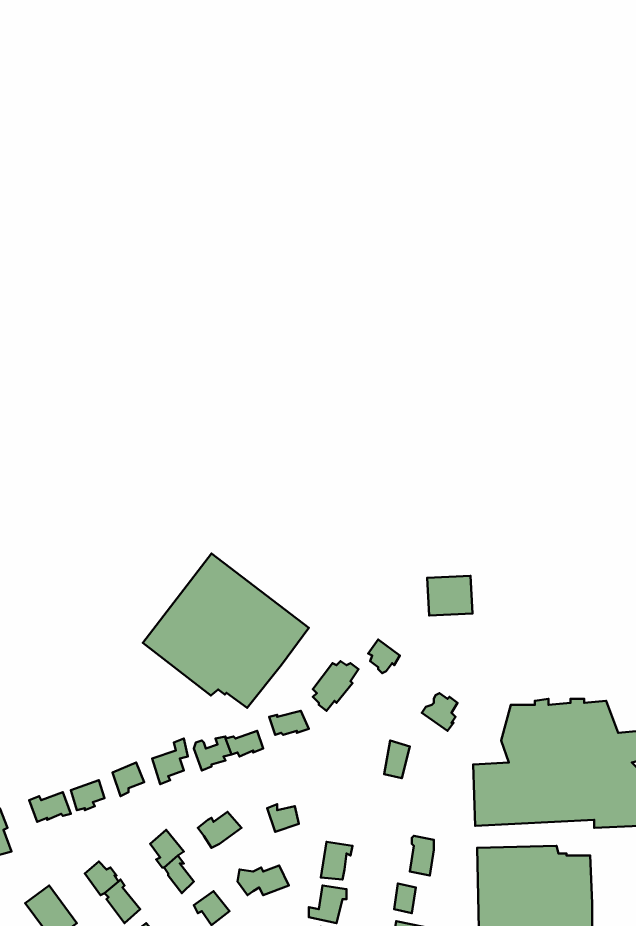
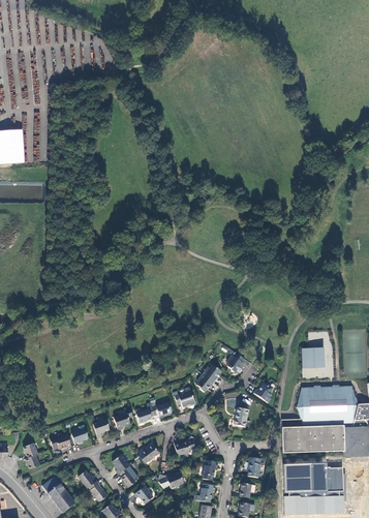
building: [143,553,309,708] -> none
building: [427,576,473,616] -> [302,346,326,367]

